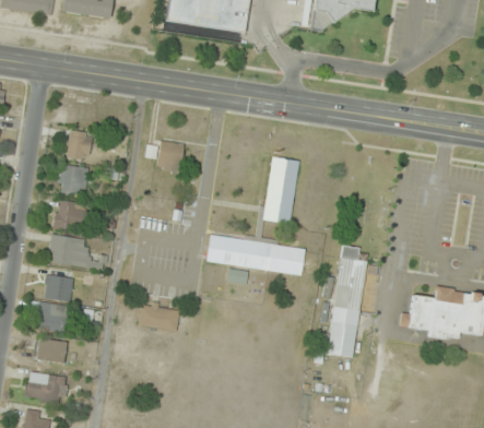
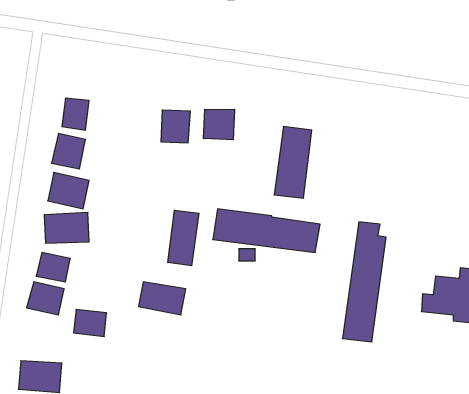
building: none -> [204,109,235,140]
building: none -> [168,210,199,266]
building: [37,338,68,364] -> [74,309,107,337]

